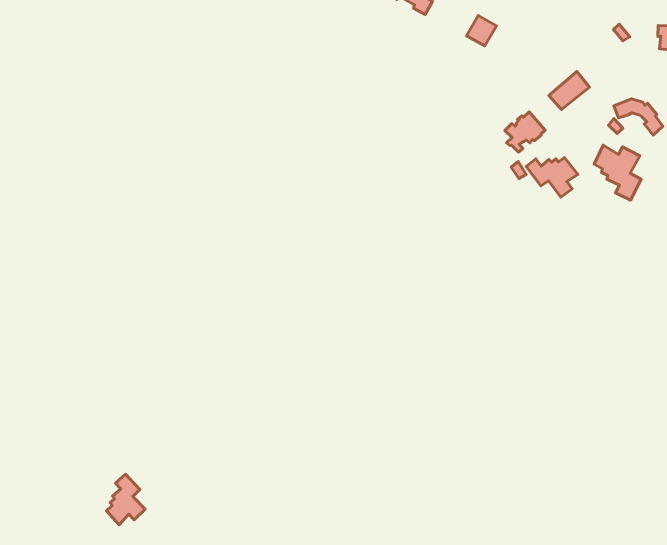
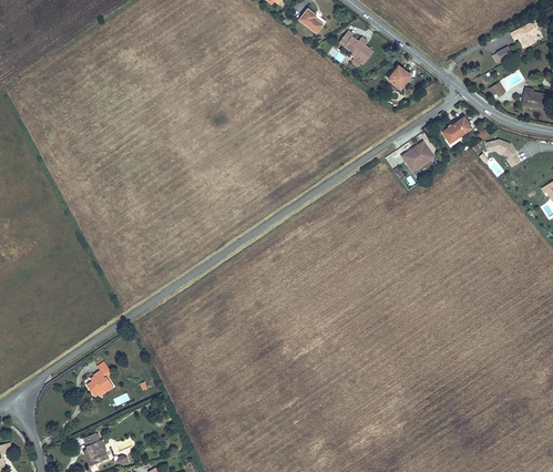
building: [594,145,641,200] -> none
building: [526,157,578,197] -> none

